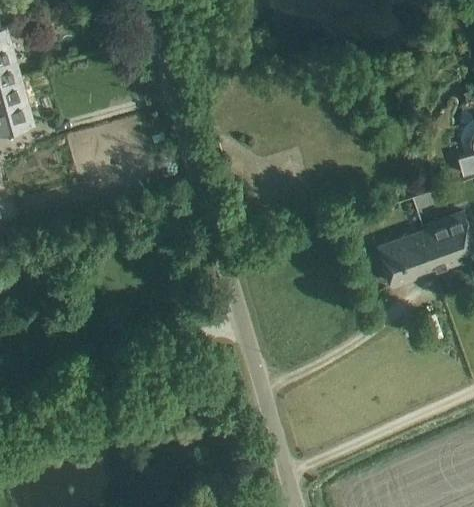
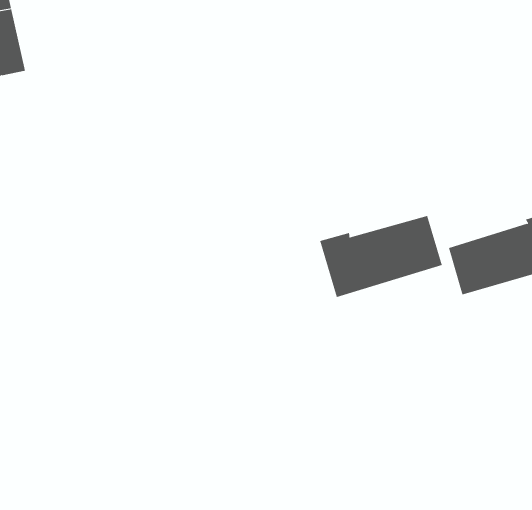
building: none -> [319,215,443,298]

